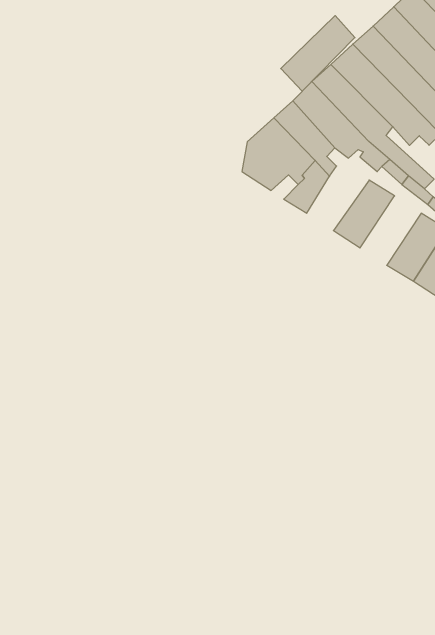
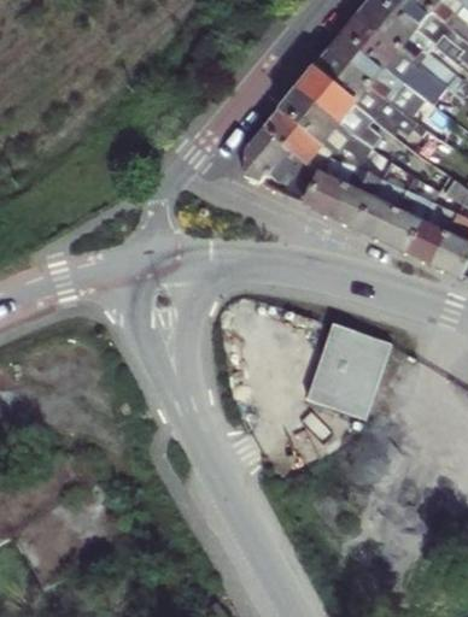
building: [281,16,355,91] -> none
building: none -> [305,155,356,216]
building: none -> [356,178,405,240]
building: none -> [305,324,392,421]

